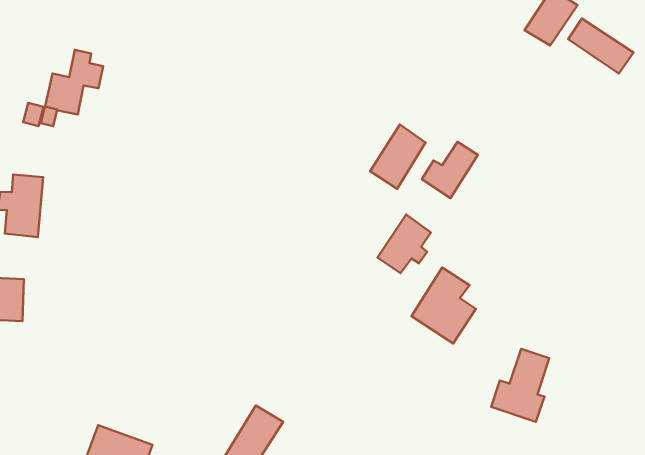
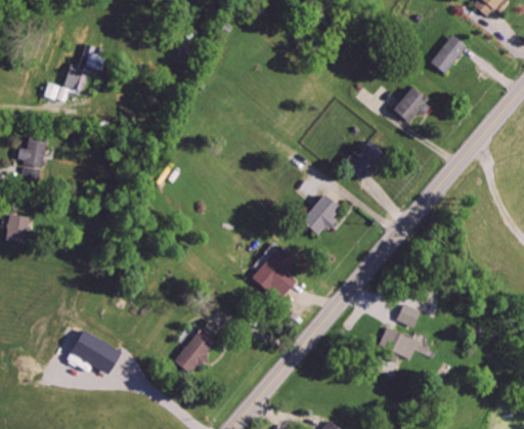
building: [568,18,634,73] -> none
building: none -> [391,84,435,123]
building: [370,125,425,189] -> none
building: [411,267,476,344] -> [250,244,299,302]

